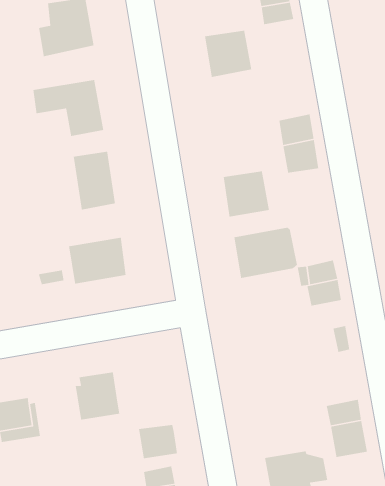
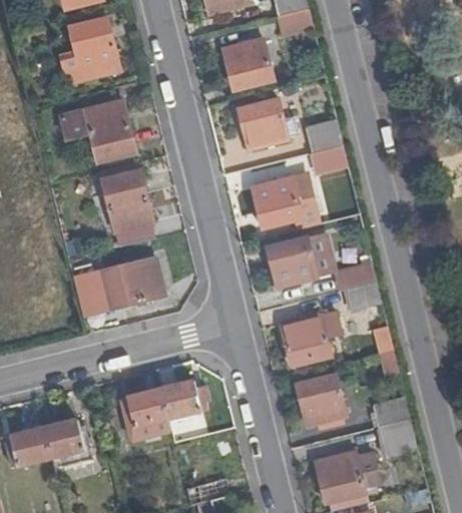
building: none -> [239,99,289,147]
building: none -> [282,313,344,364]
building: none -> [297,376,346,426]
building: [138,424,178,459] -> [159,382,200,419]

